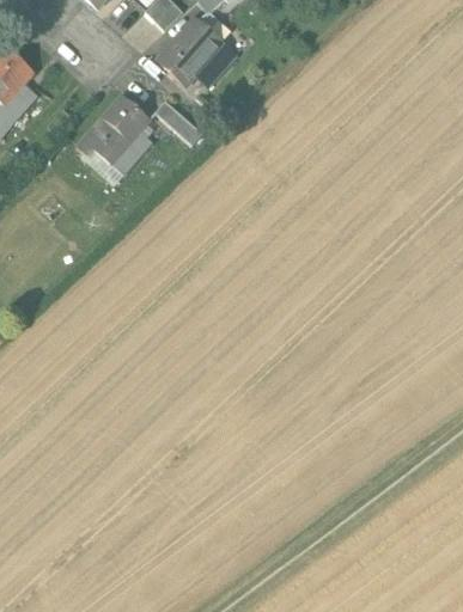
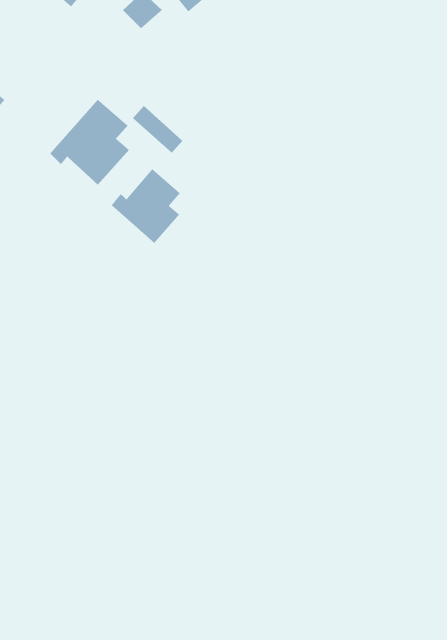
building: [157,18,234,86] -> none
building: none -> [111,168,181,244]

